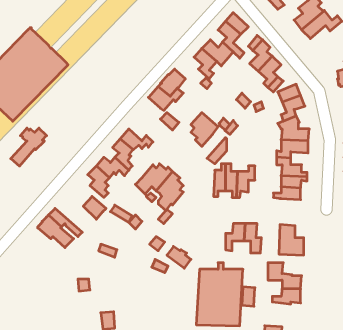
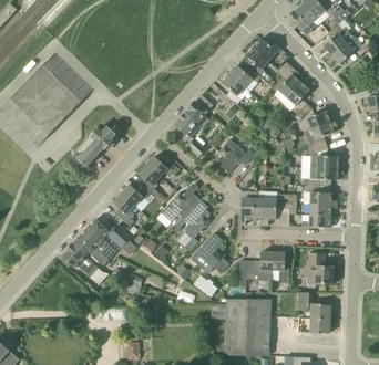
building: [11,128,47,166] -> [78,127,114,166]
building: none -> [79,219,115,261]
building: none -> [191,232,228,274]

